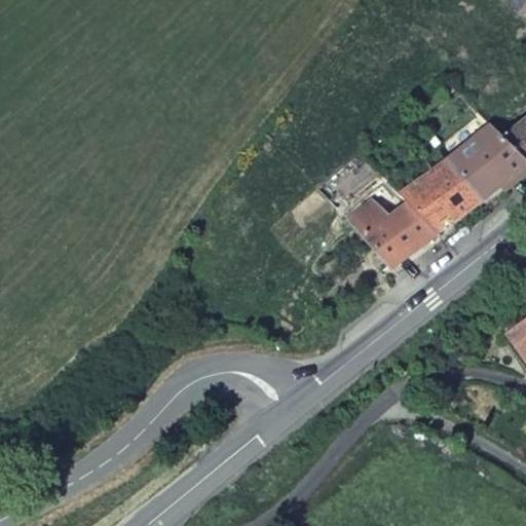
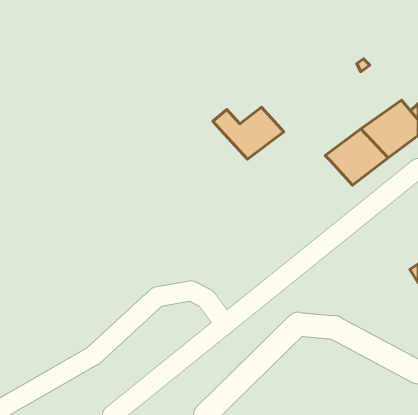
building: [349,199,438,264] -> [213,107,284,159]

